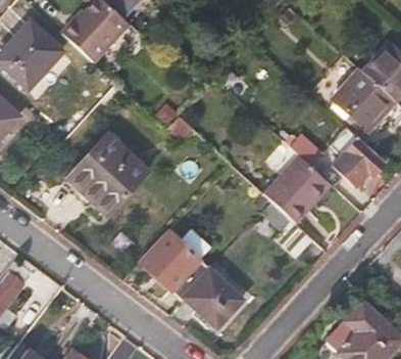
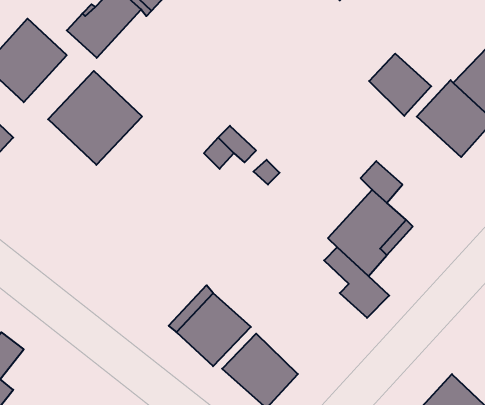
building: none -> [369,54,431,116]
building: [69,138,143,212] -> [48,71,142,165]
building: [334,139,383,185] -> none

